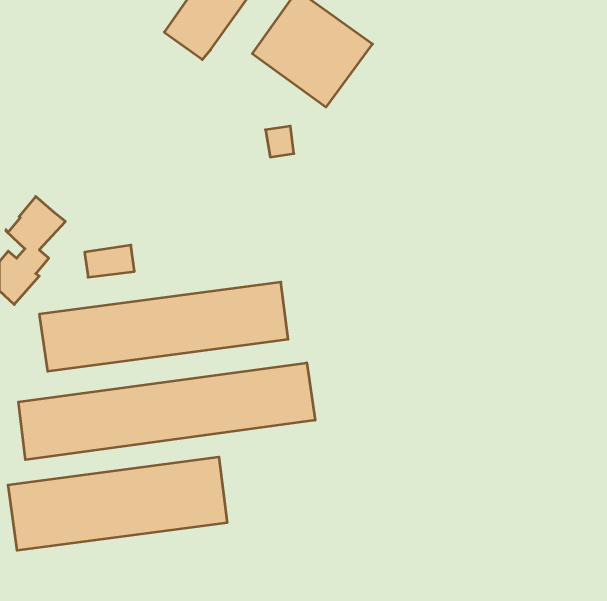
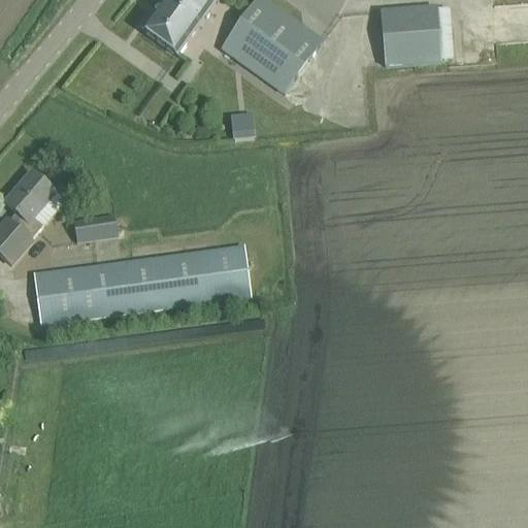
building: none -> [380,4,441,65]
building: [18,363,315,460] -> none
building: [8,457,227,550] -> none

